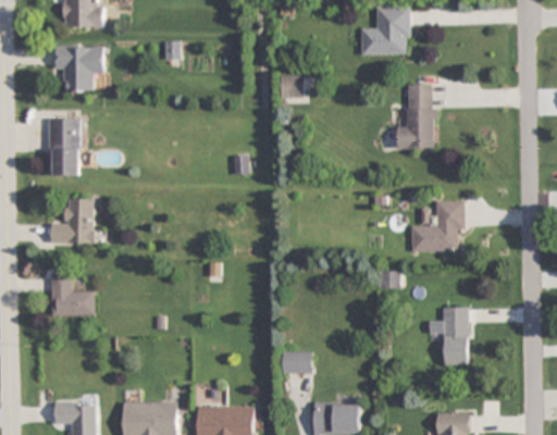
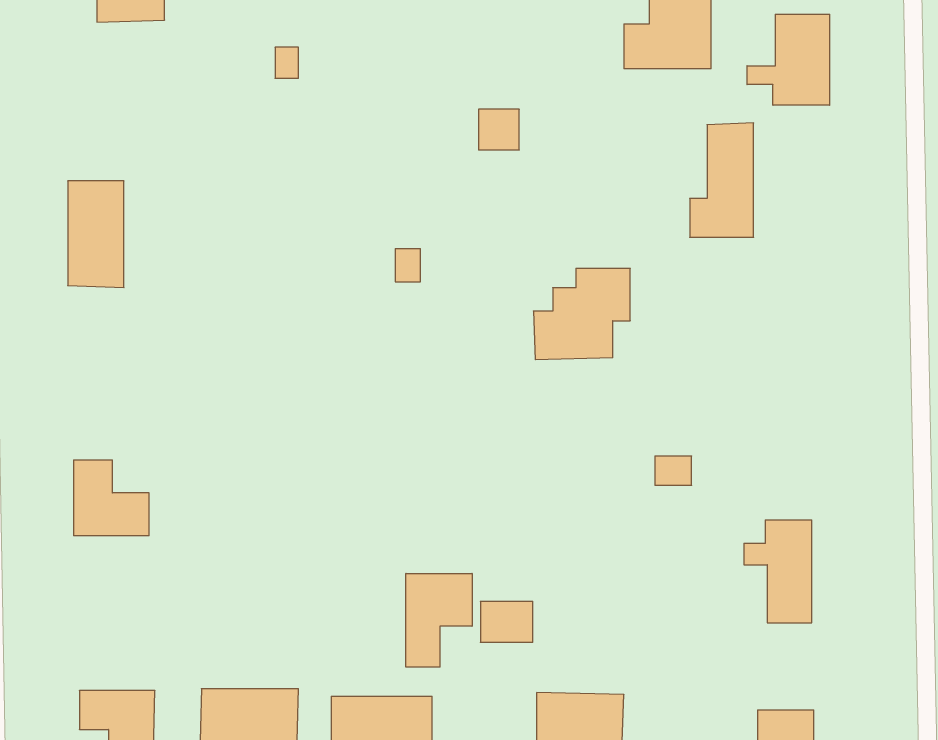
building: none -> [747,14,830,105]
building: [55,43,104,91] -> none
building: [52,198,96,243] -> none
building: [410,200,465,251] -> [533,268,630,360]
building: none -> [406,573,472,667]

